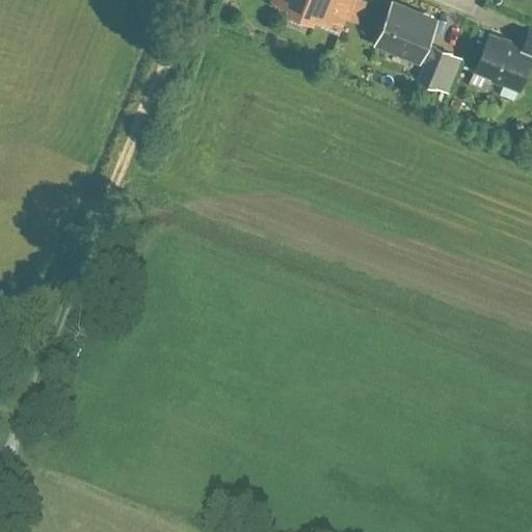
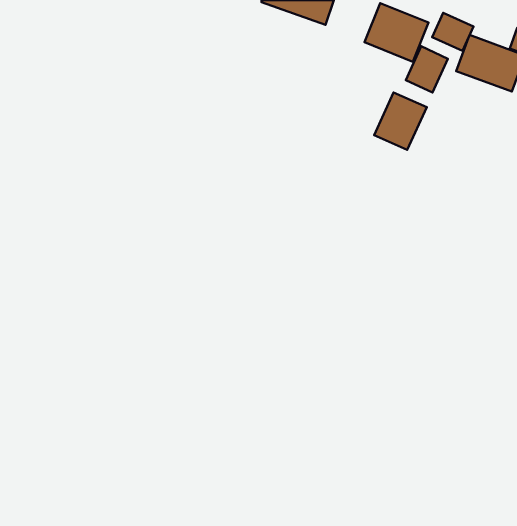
building: none -> [432,13,473,51]
building: none -> [374,92,427,150]

